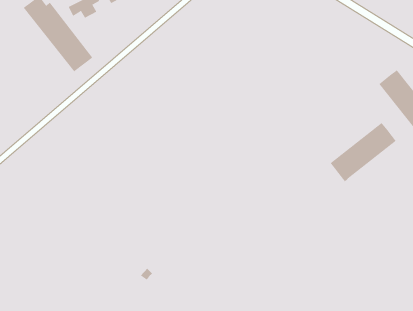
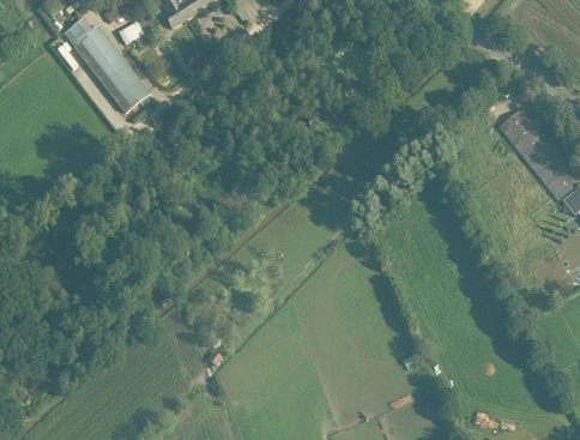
building: [330,122,397,182] -> none

